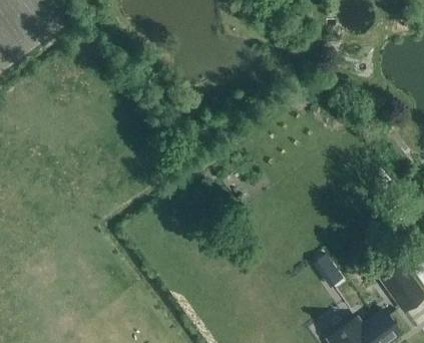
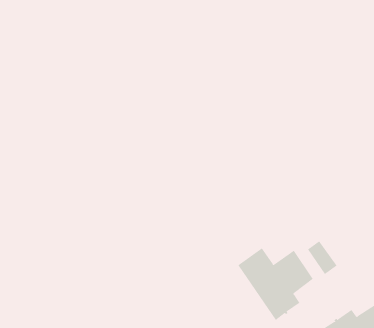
building: none -> [237,247,314,321]

